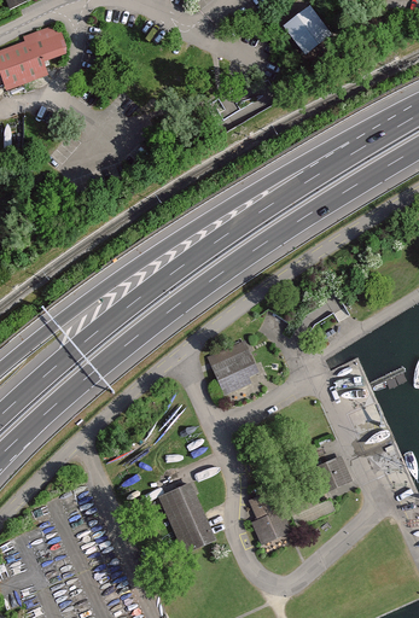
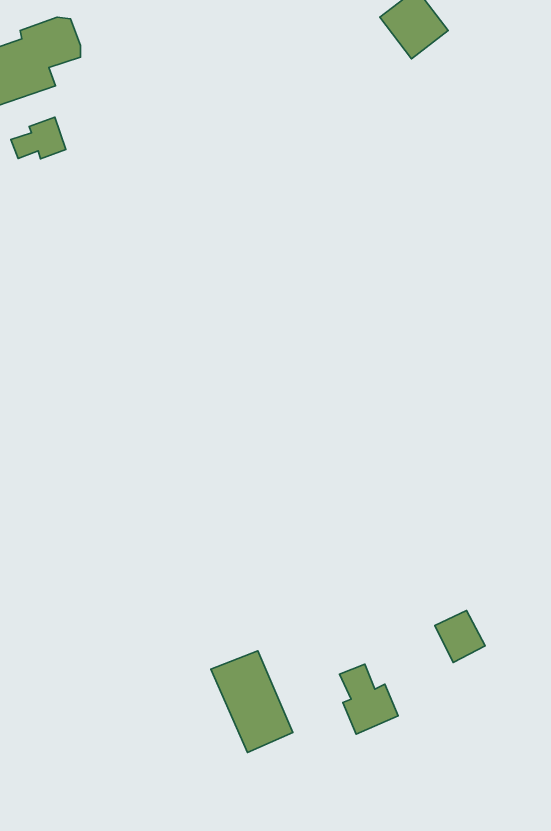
building: none -> [11,117,66,159]
building: [206,342,261,392] -> none

